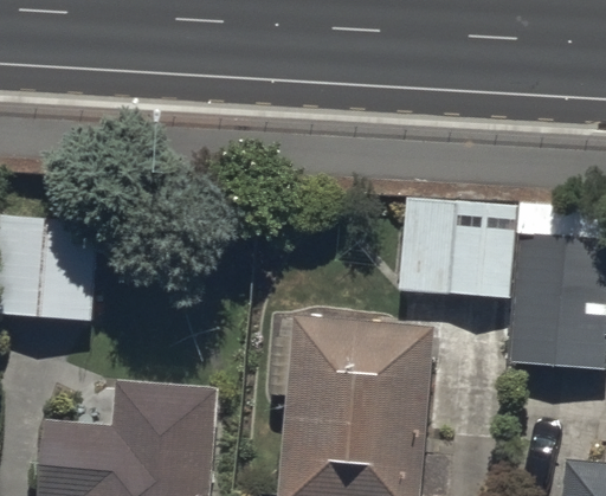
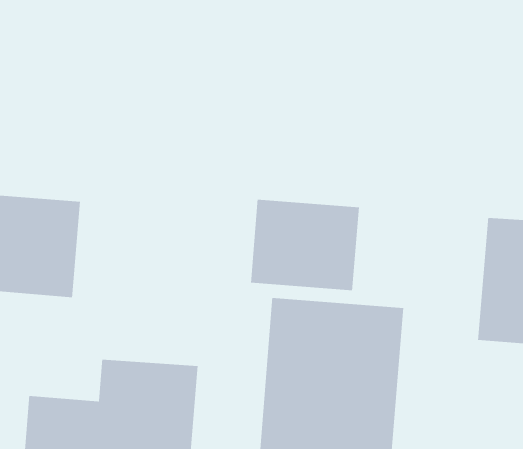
building: [398,202,511,298] -> [250,199,360,291]

